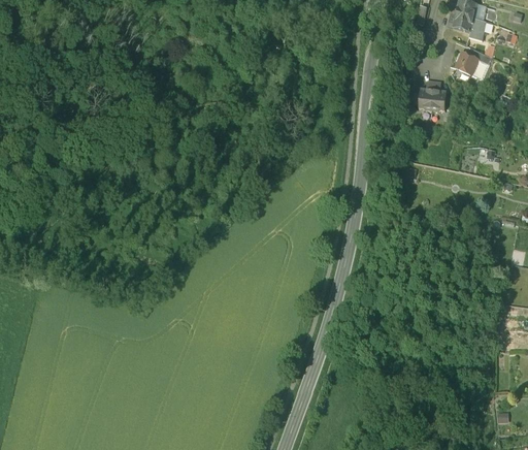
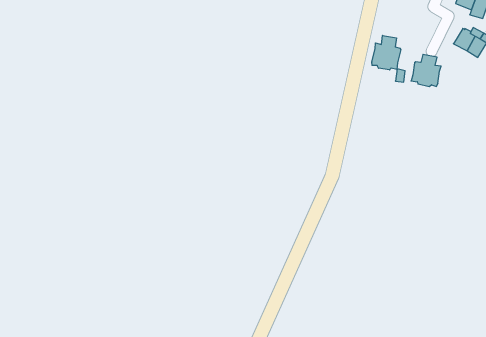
building: none -> [372,35,401,70]

